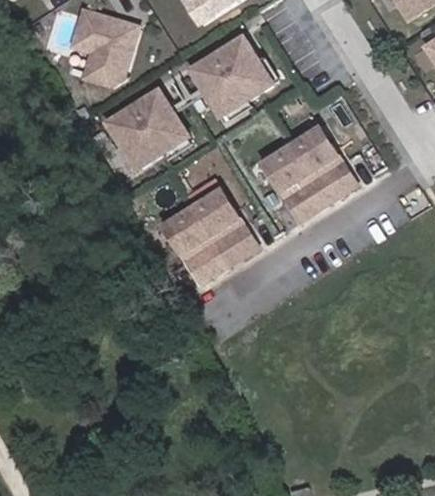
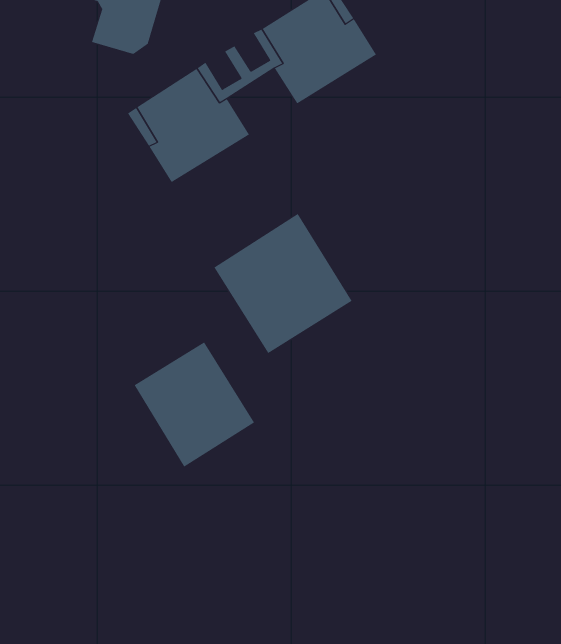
building: [264,128,355,220] -> none
building: none -> [134,342,255,467]

